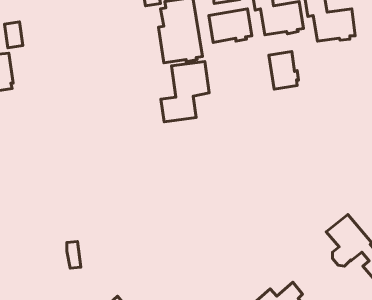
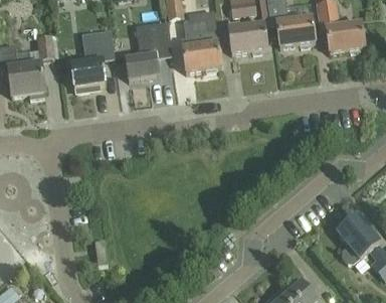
building: none -> [70,28,115,92]
building: [269,51,298,89] -> none
building: [161,62,209,122] -> [125,22,170,79]

